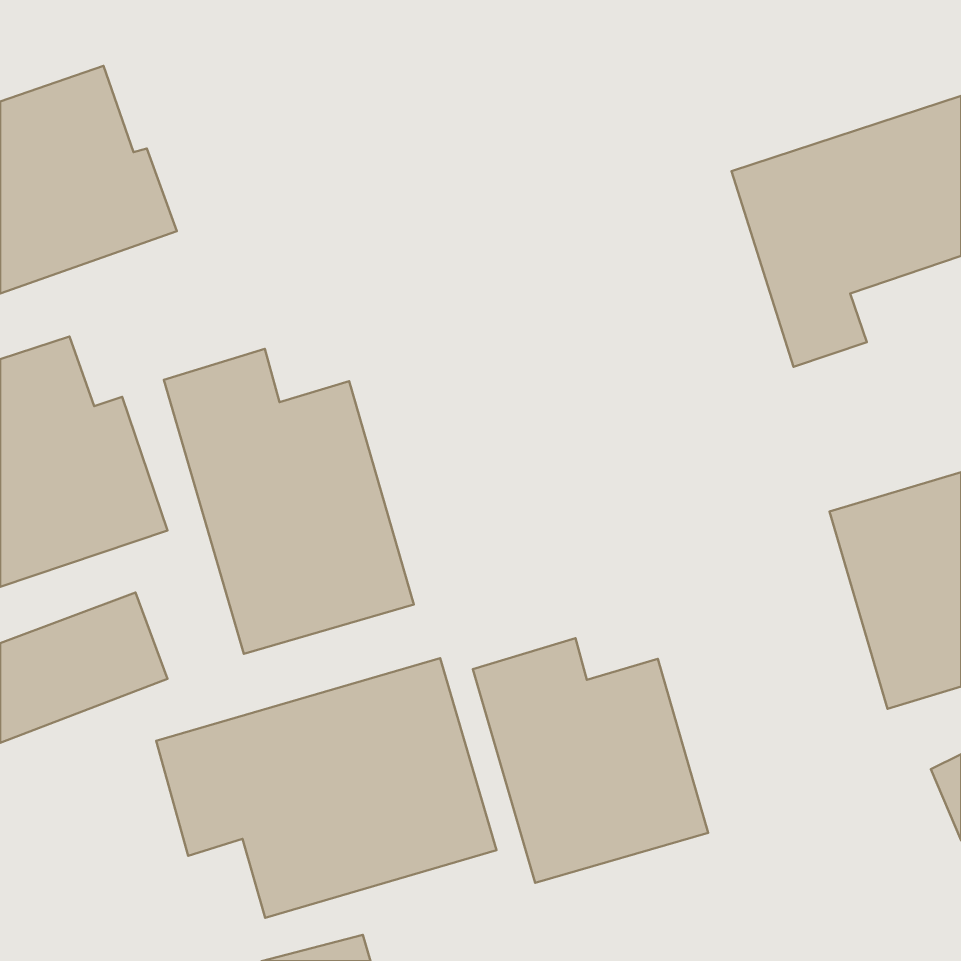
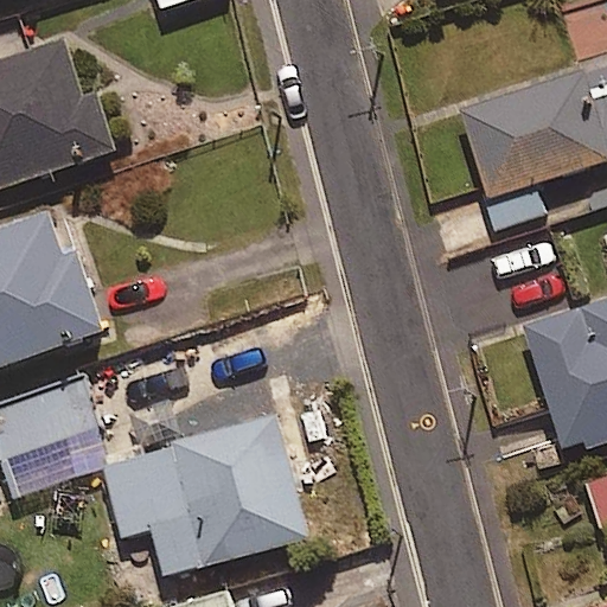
building: [164,349,414,654] -> none
building: [473,638,708,883] -> none

